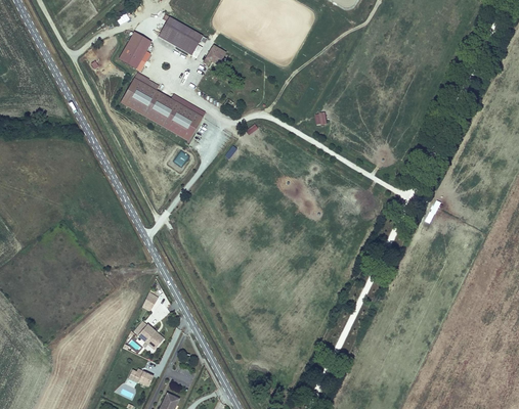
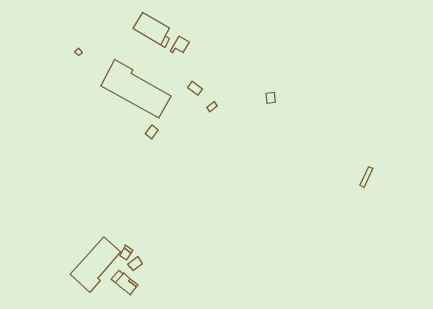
building: [118,33,150,69] -> none
building: none -> [70,237,121,292]

